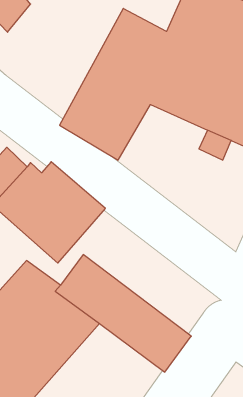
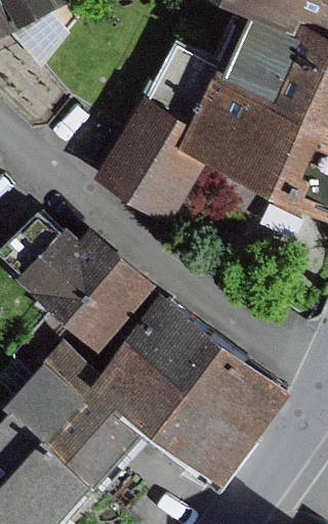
building: none -> [125,295,290,438]

